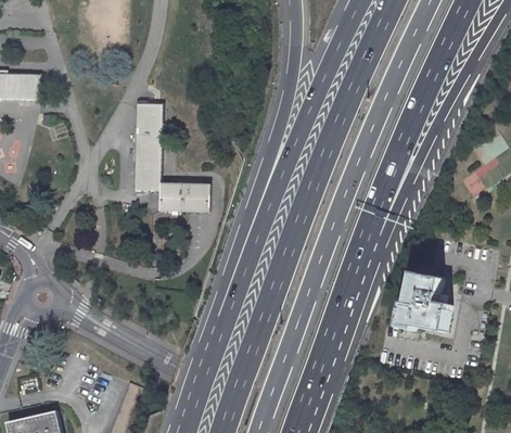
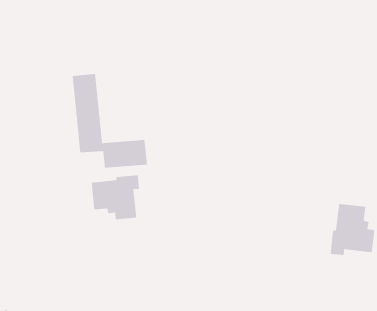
building: none -> [91,175,139,220]

